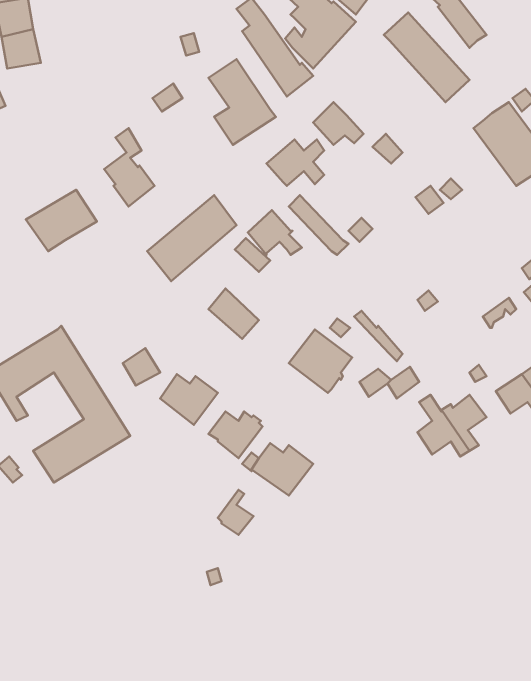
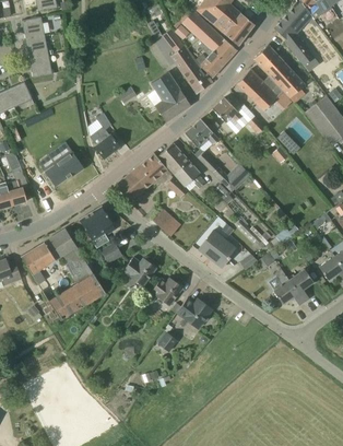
building: none -> [236,69,282,110]
building: none -> [157,143,188,174]
building: none -> [79,206,116,243]

